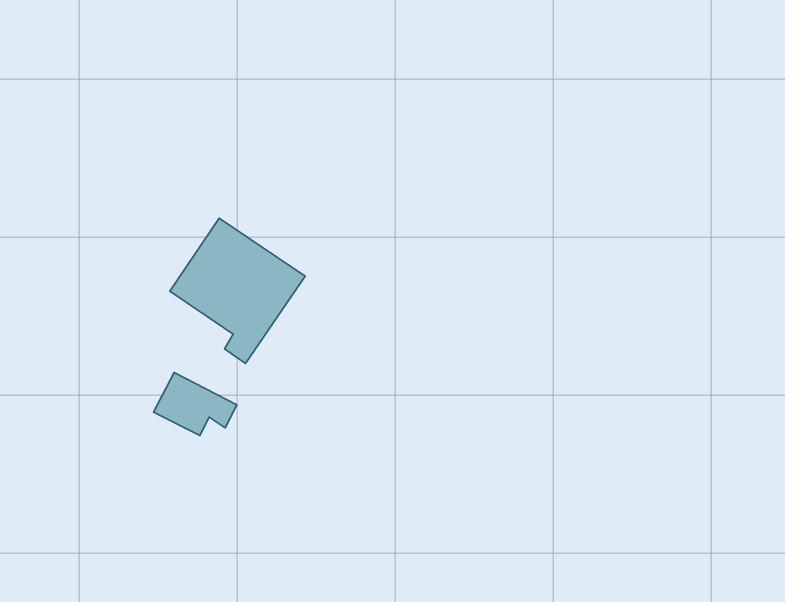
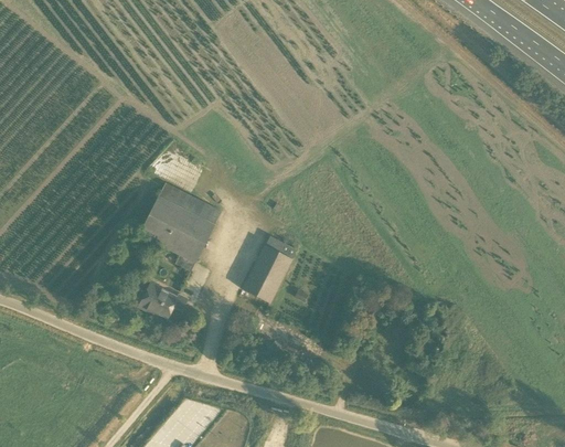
building: none -> [242,236,298,305]

